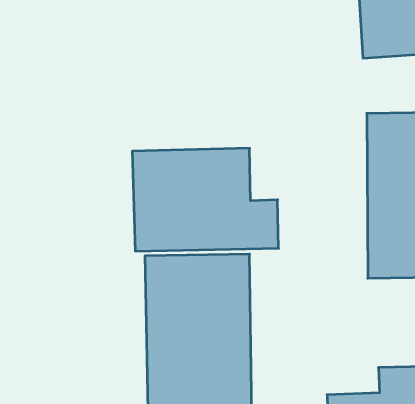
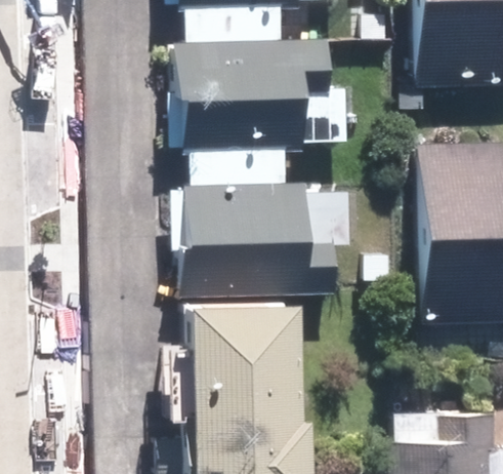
building: none -> [178,38,331,149]

